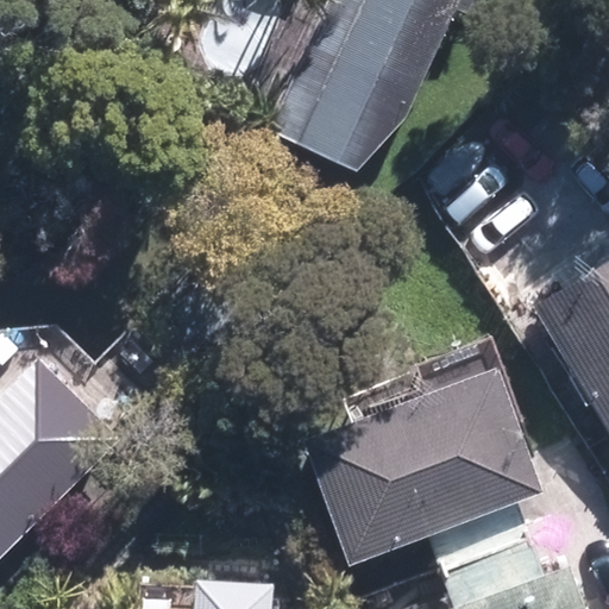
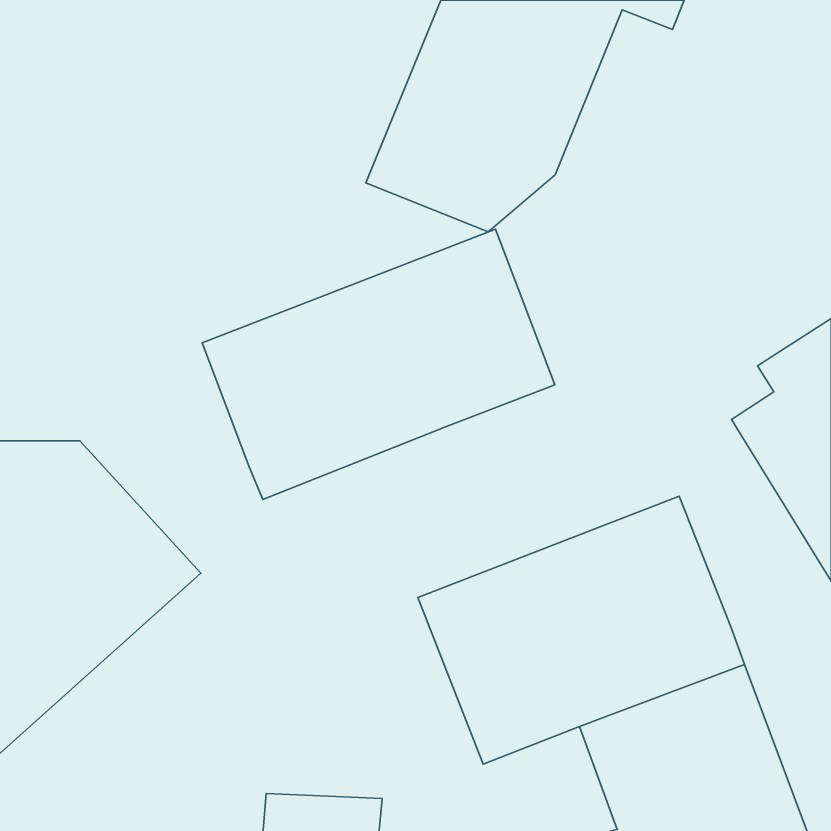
building: none -> [202,229,555,500]

